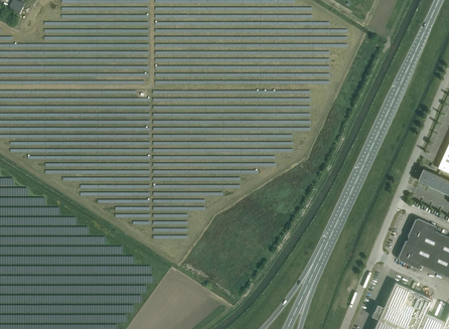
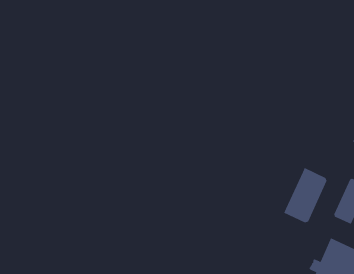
building: none -> [284,167,327,223]

